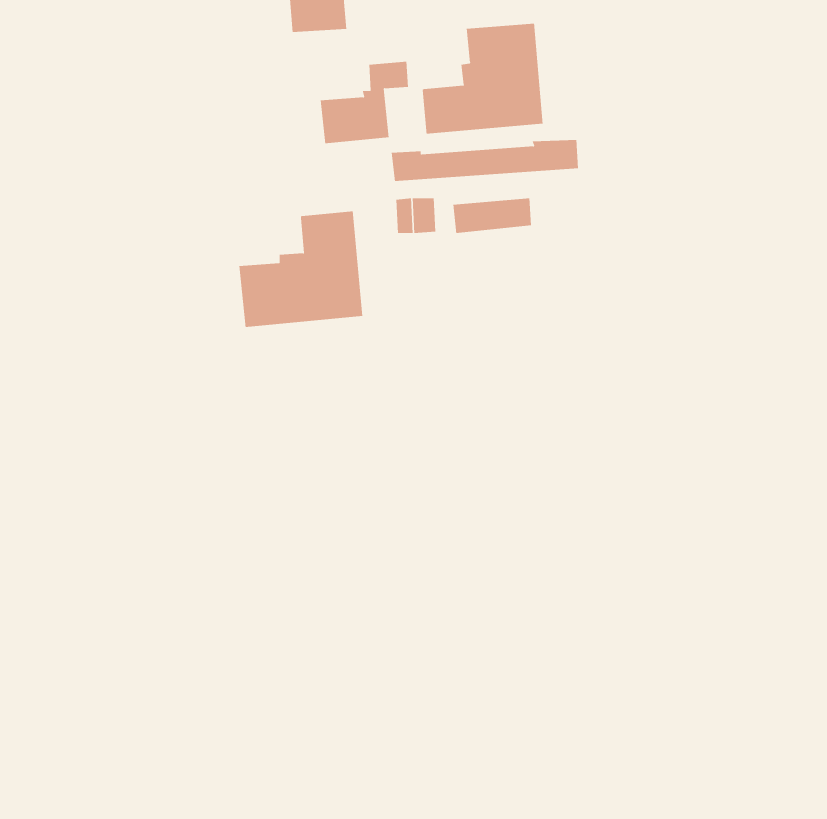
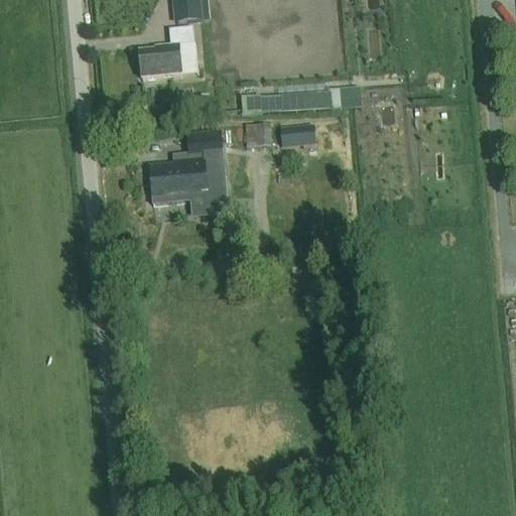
building: [420,23,543,134] -> none
building: [320,61,409,144] -> [138,26,194,78]

